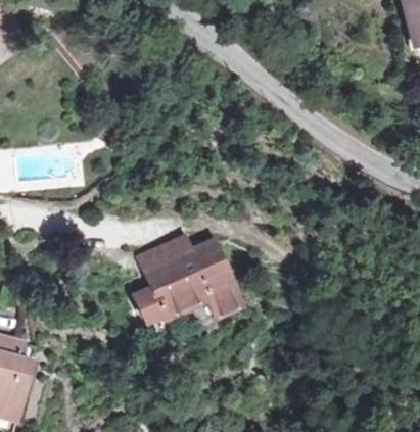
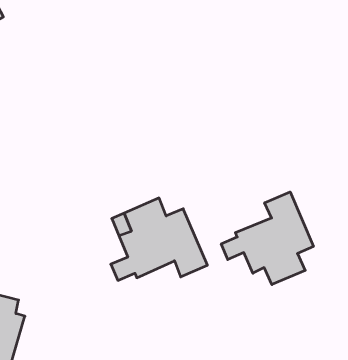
building: none -> [221,192,313,285]

